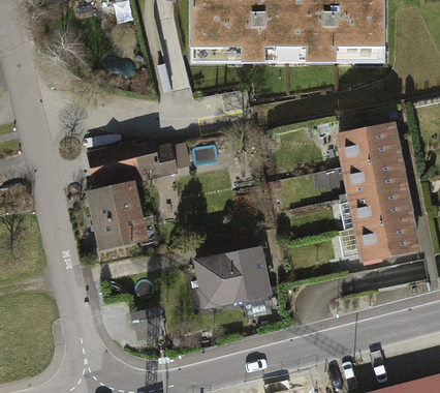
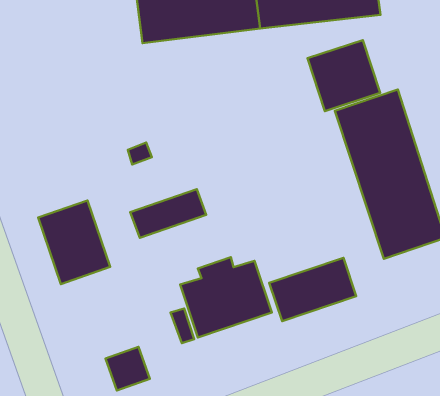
building: none -> [307,40,380,111]
building: [95,142,156,176] -> [130,189,206,238]
building: none -> [269,258,356,321]

